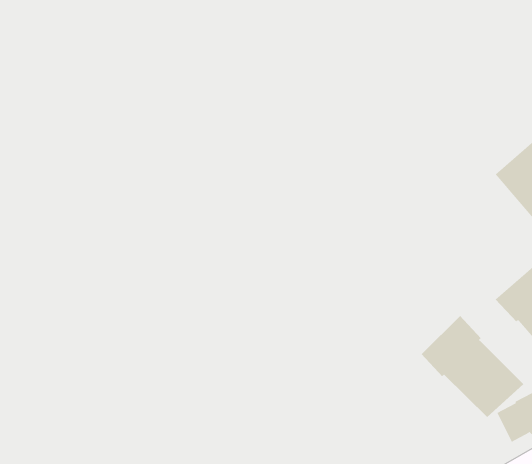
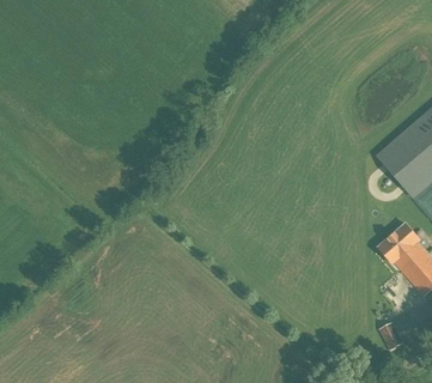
building: [421,315,524,418] -> none

